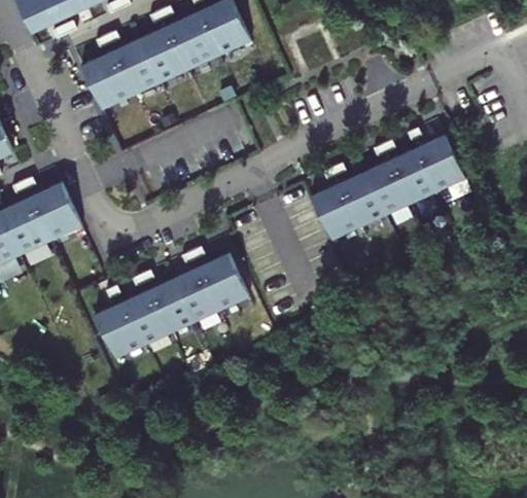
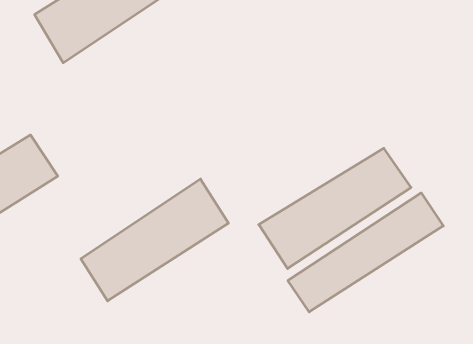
building: [309,135,467,242] -> [259,148,411,269]
building: none -> [288,193,443,312]

